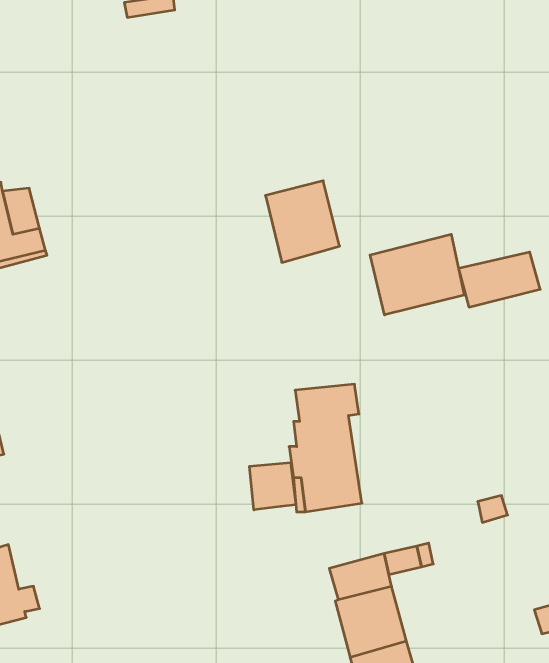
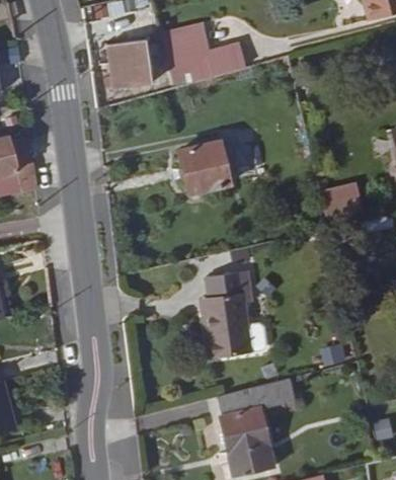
building: none -> [162,23,237,84]
building: none -> [112,34,152,80]
building: [370,234,464,315] -> none
building: [250,463,296,510] -> none

